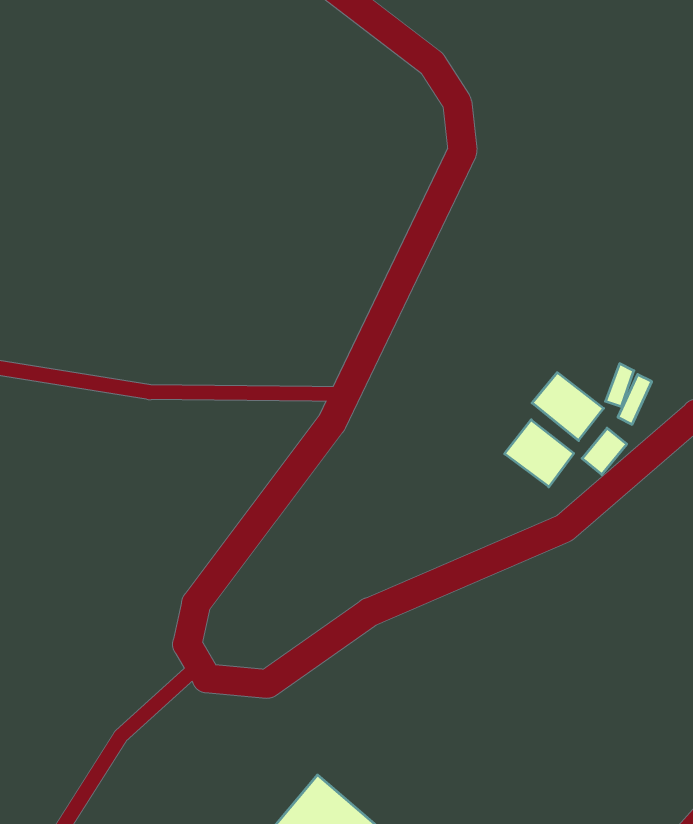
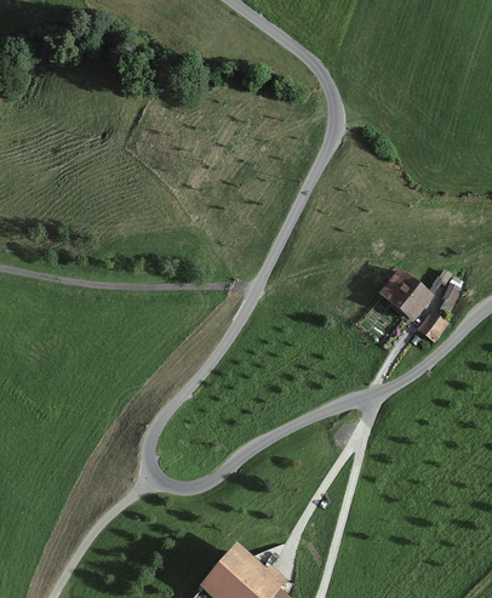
building: [505,420,574,487] -> none

